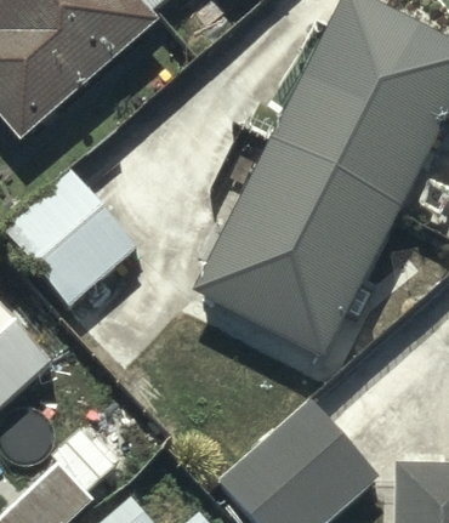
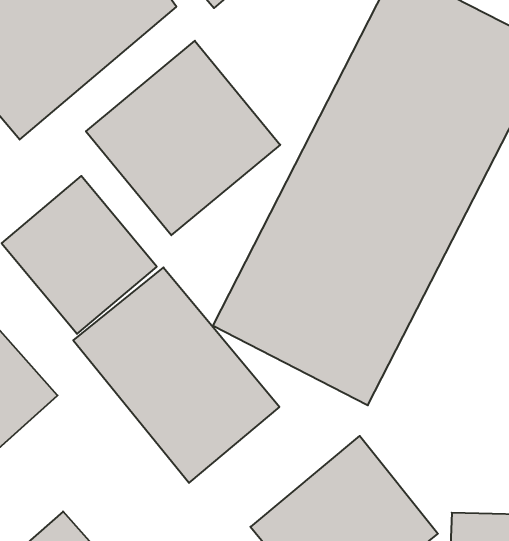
building: none -> [86,41,280,235]
building: none -> [73,267,279,483]

